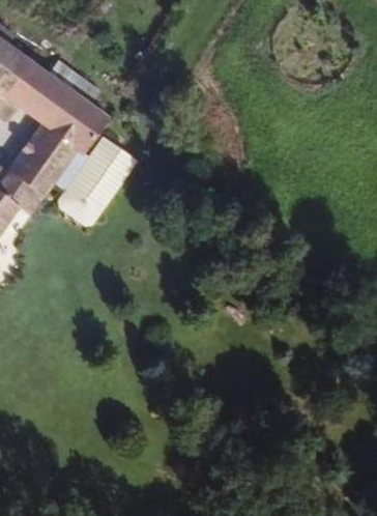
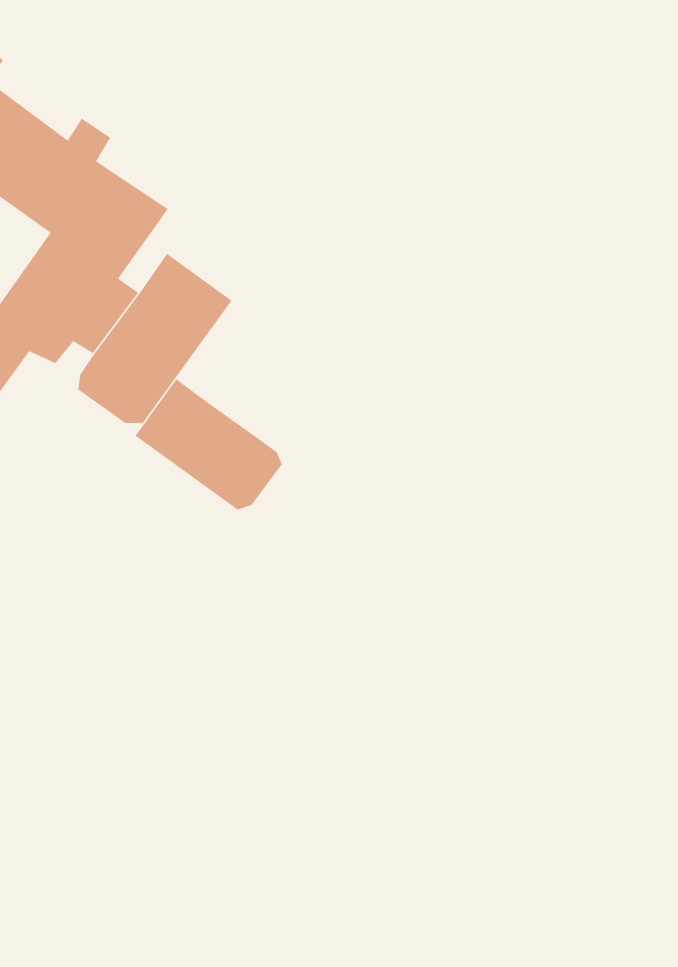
building: none -> [134,378,283,511]

